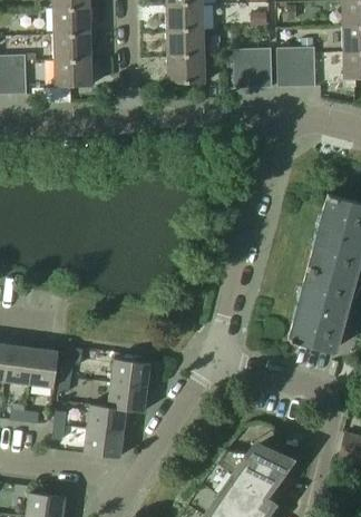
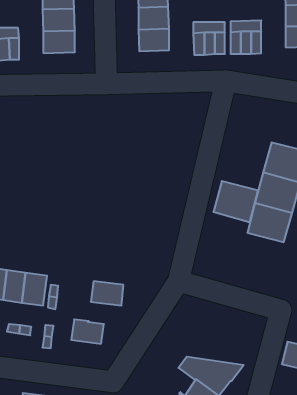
building: [289,301,342,350] -> [213,181,258,222]
building: [108,383,148,412] -> none
building: [85,429,124,458] -> none

